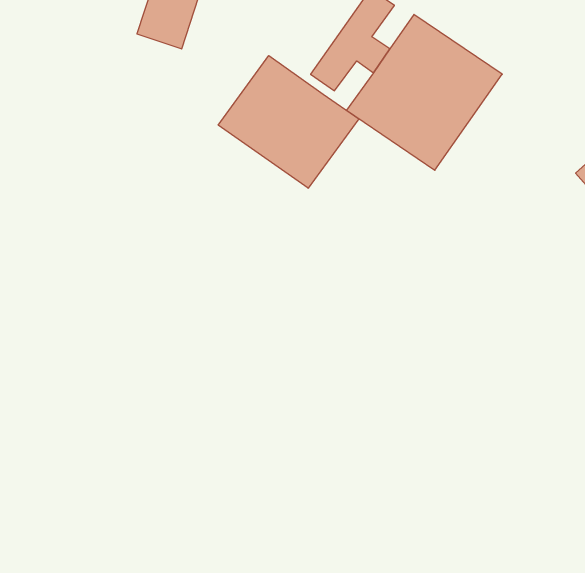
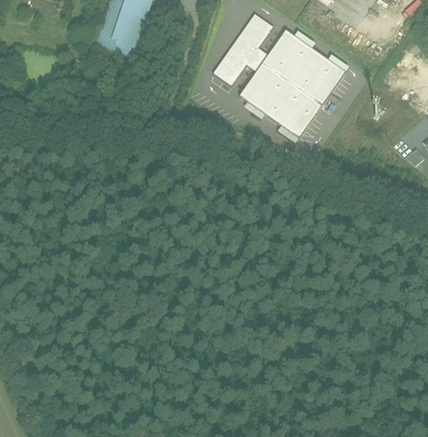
building: [218,56,359,188] -> none

